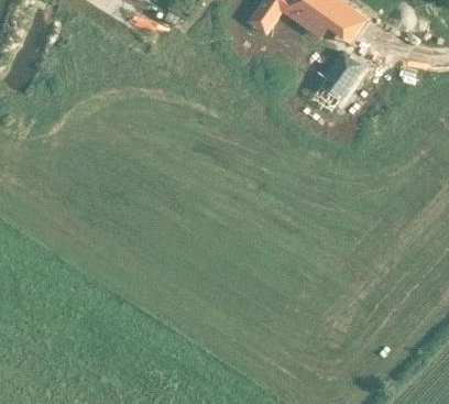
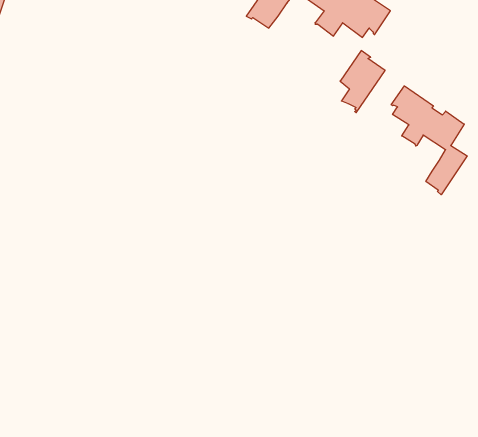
building: none -> [391,86,467,195]

